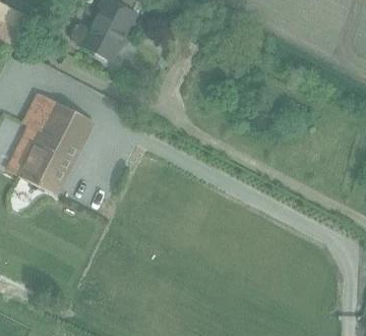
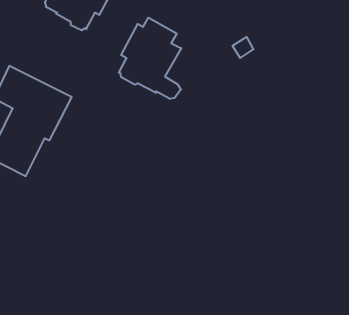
building: none -> [119,18,181,99]

